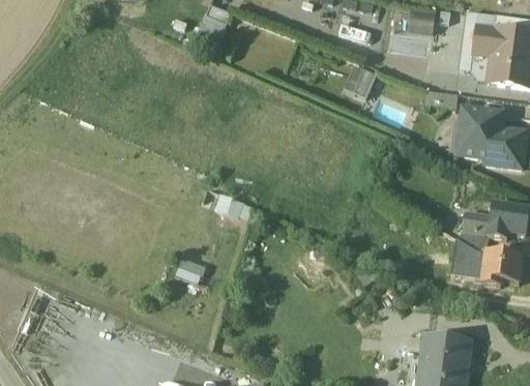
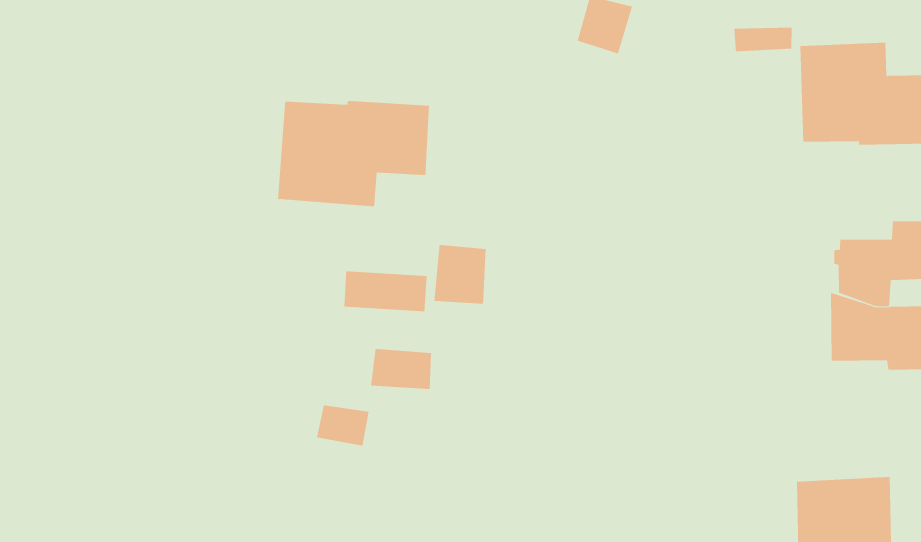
building: none -> [277,100,430,207]
building: none -> [434,244,486,304]
building: none -> [371,348,431,390]

